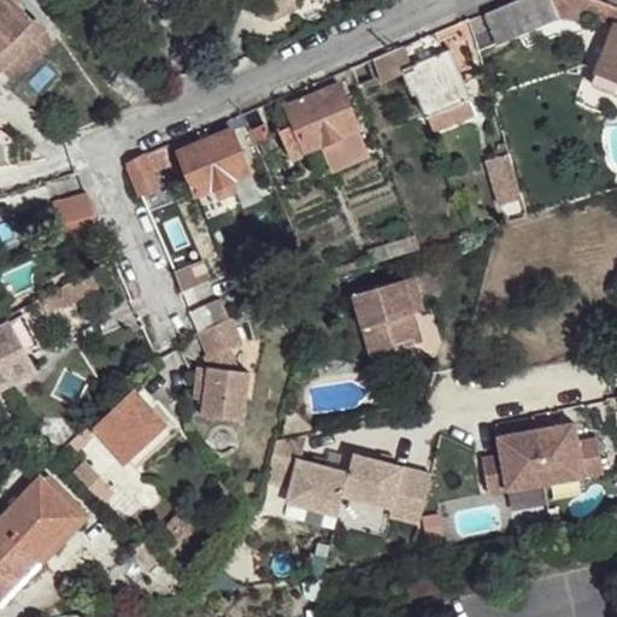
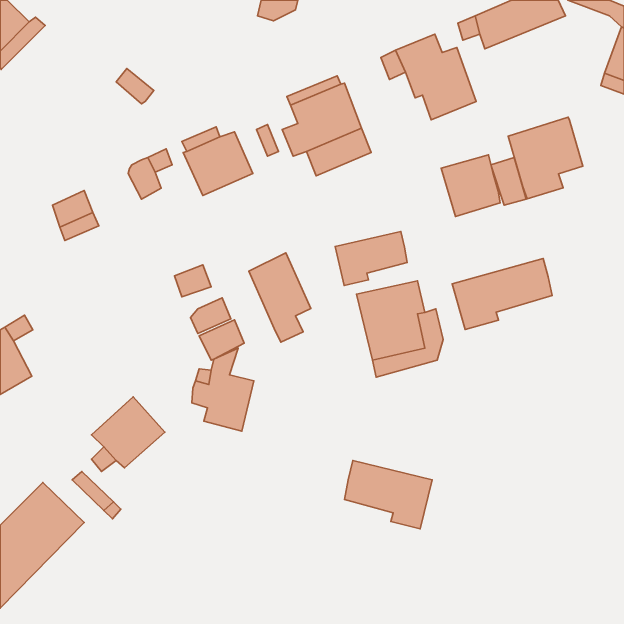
building: none -> [508,117,583,199]
building: none -> [441,155,500,217]
building: none -> [335,231,407,286]
building: none -> [249,253,311,342]
building: none -> [452,259,552,330]
building: [482,423,603,494] -> none
building: [263,434,343,512] -> none

